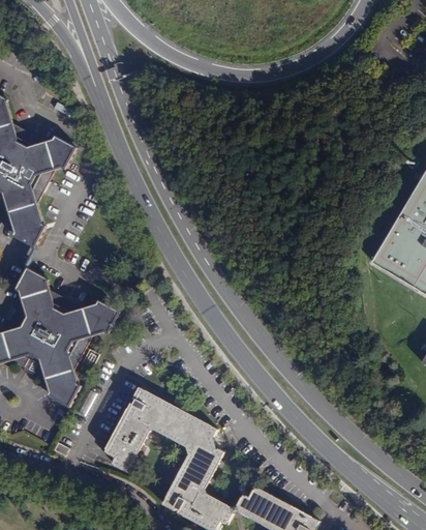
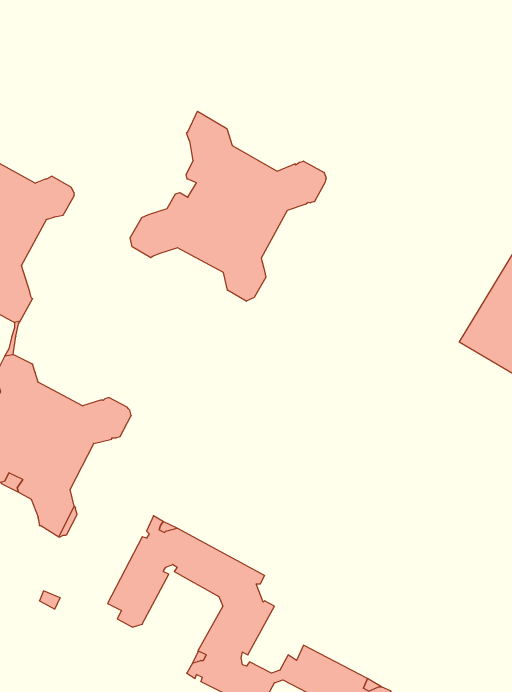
building: none -> [130,111,326,301]

